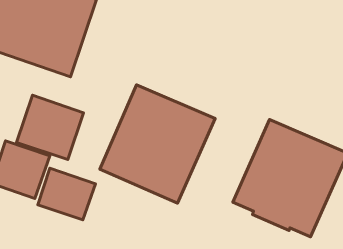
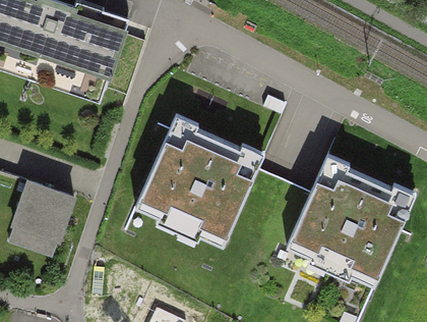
building: [16,95,83,159] -> none
building: [38,168,96,220] -> none

